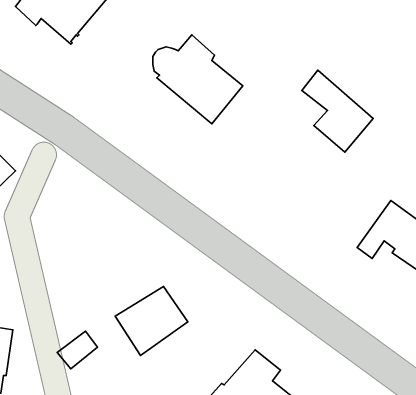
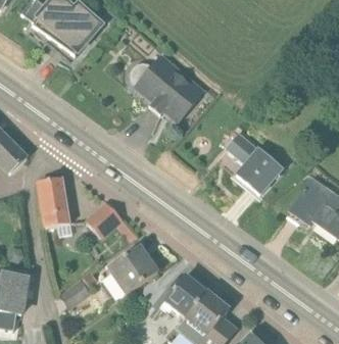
building: [302,70,373,152] -> [227,132,281,194]
building: none -> [38,177,70,228]
building: none -> [85,201,123,238]
building: none -> [164,275,209,320]

